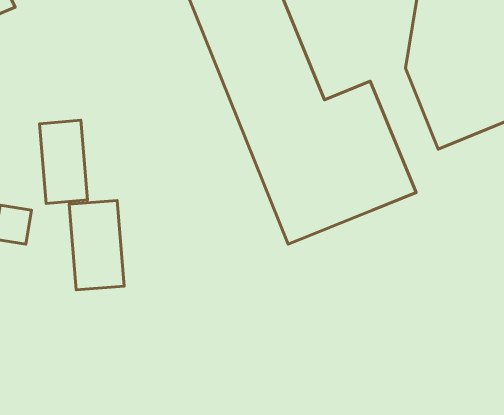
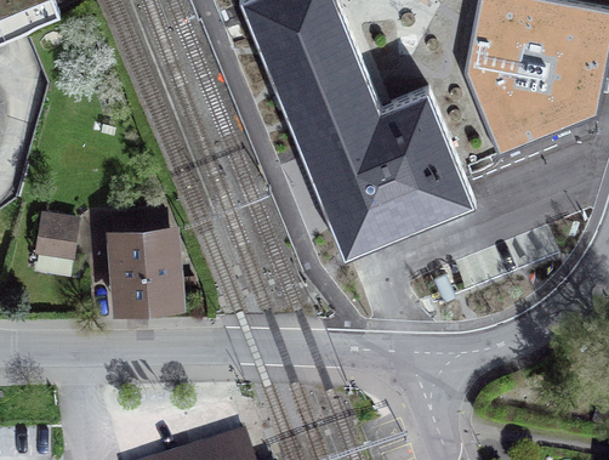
building: [40,120,87,204] -> none

